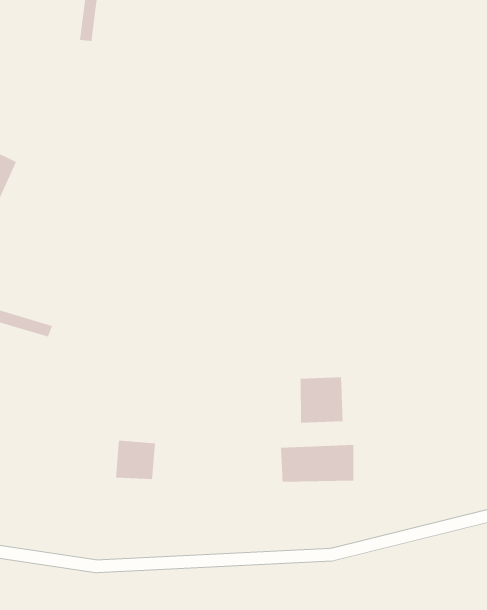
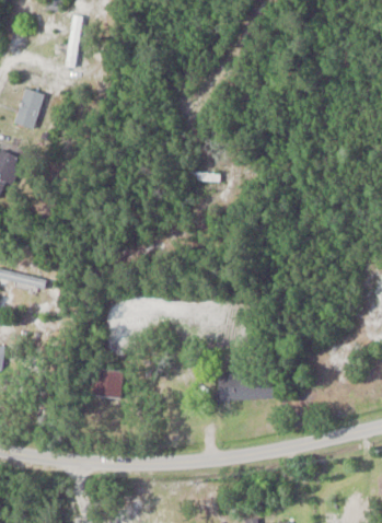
building: none -> [14,89,45,130]
building: [300,377,343,424] -> none

